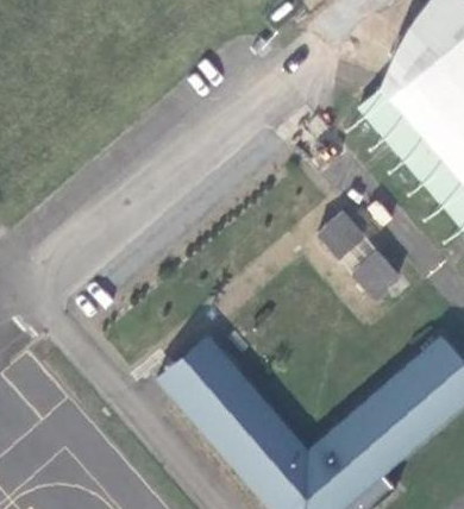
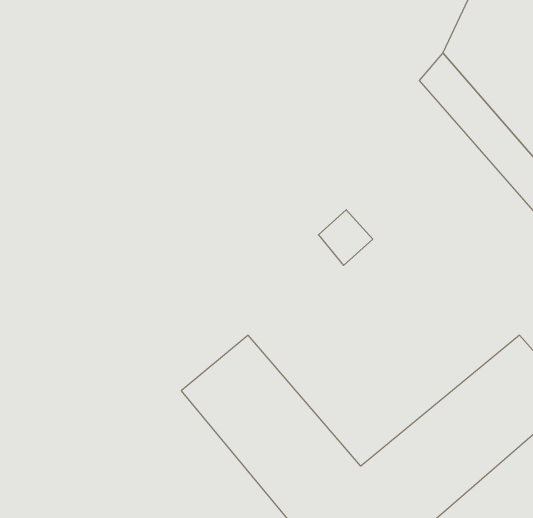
building: [320,215,366,263] -> [318,210,373,265]
building: [353,254,401,303] -> none

